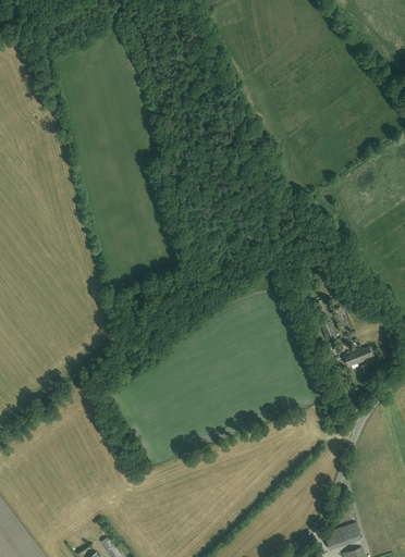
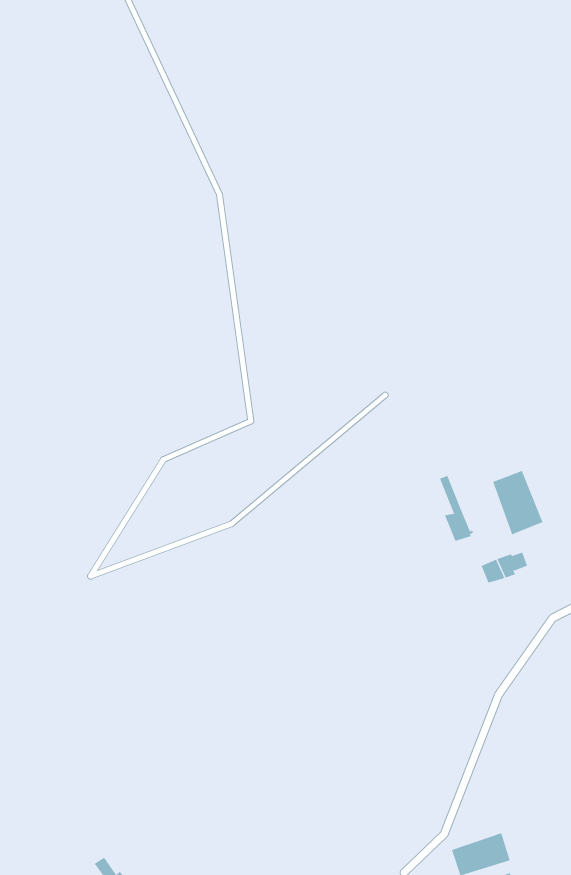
building: none -> [492,470,543,535]

